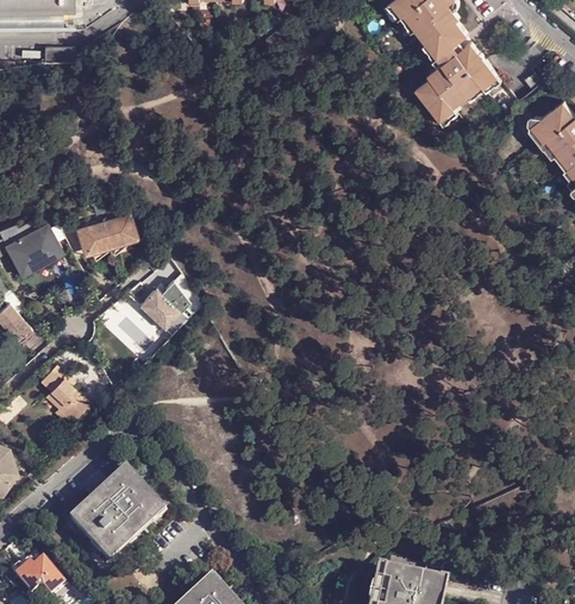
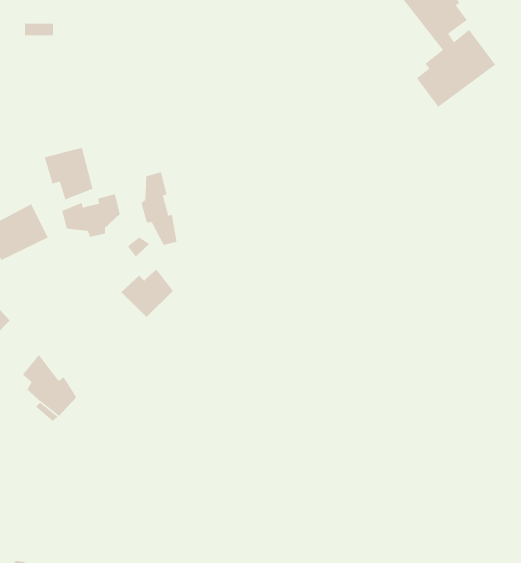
building: none -> [44,147,94,201]
building: none -> [141,171,177,246]
building: [70,470,158,556] -> none

